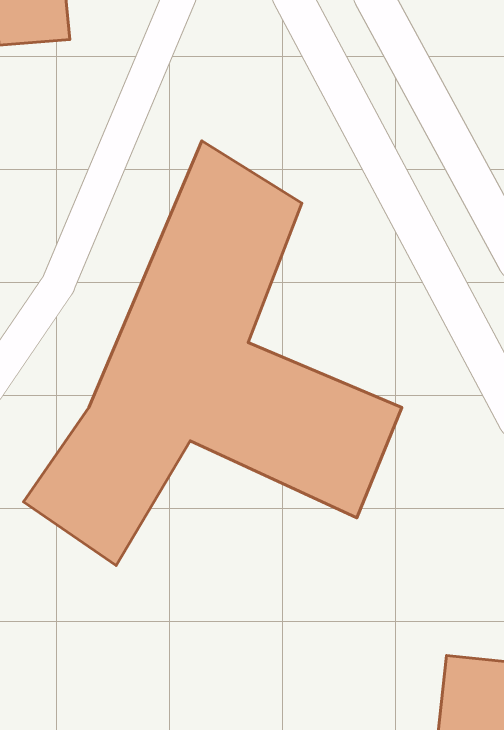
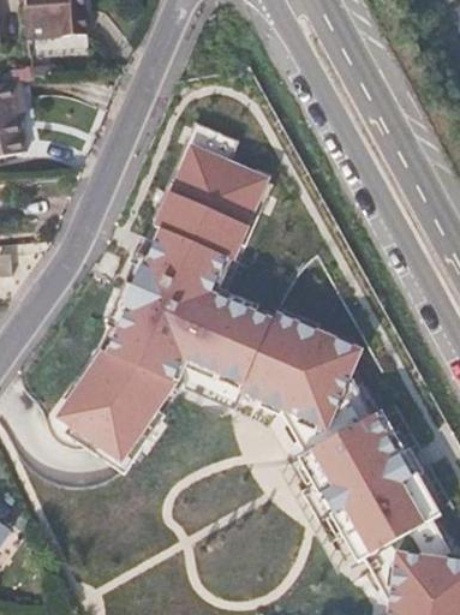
building: none -> [307,406,435,550]

